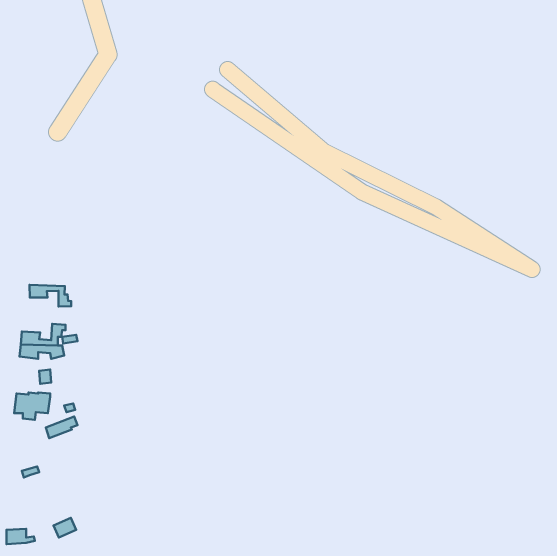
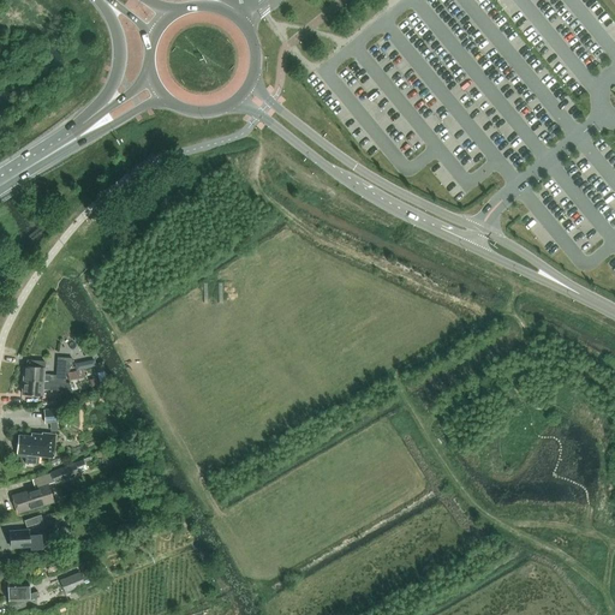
building: [29,285,71,307] -> none
building: none -> [11,484,52,513]
building: none -> [10,527,42,547]

